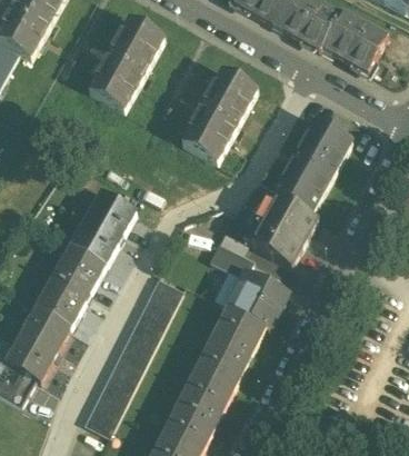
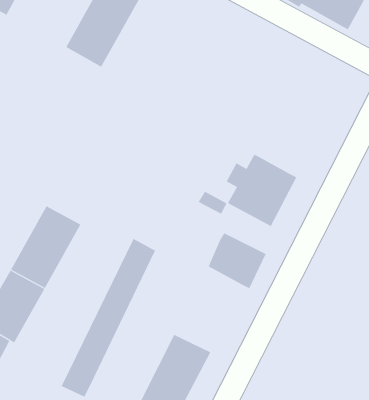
building: [181,69,258,161] -> none
building: [276,121,350,214] -> none
building: [70,191,134,264] -> none
building: [210,242,253,277] -> none
building: [196,308,266,389] -> none

